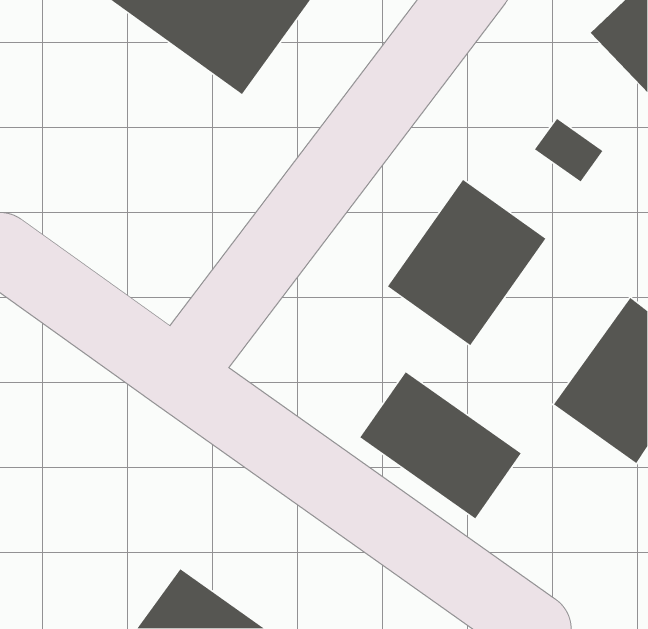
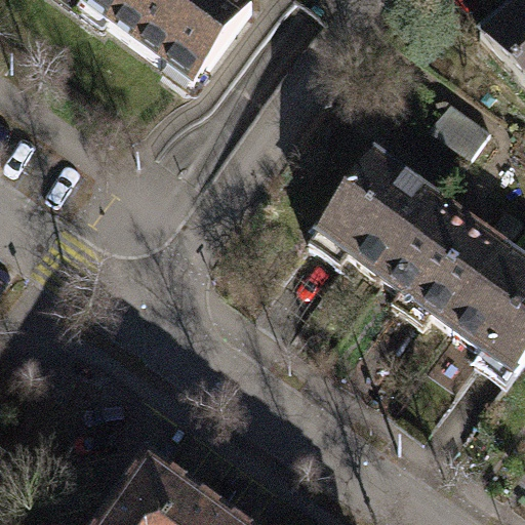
building: none -> [380,193,510,327]
building: [359,371,522,520] -> none

